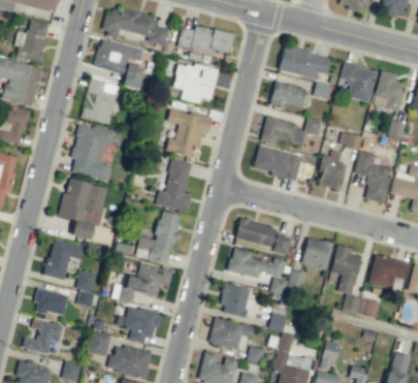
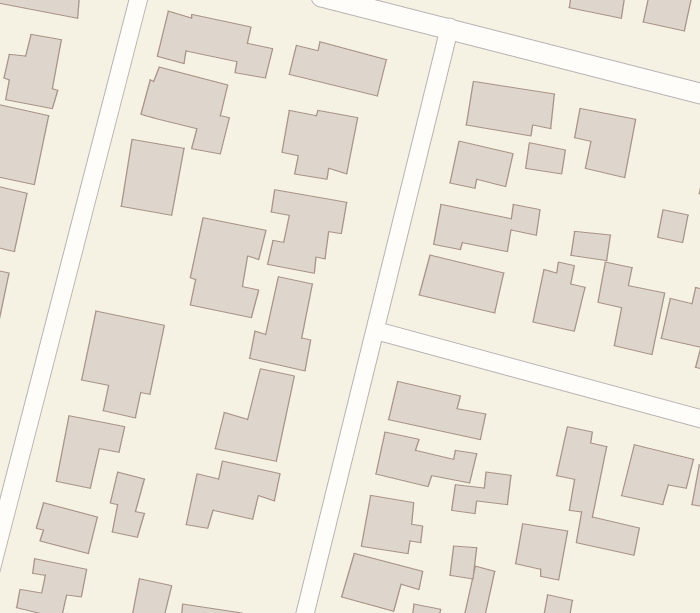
building: [375,70,406,111] -> none
building: [72,124,116,181] -> [190,218,266,317]
building: [303,238,333,270] -> [515,524,568,580]
building: [124,306,161,343] -> none

